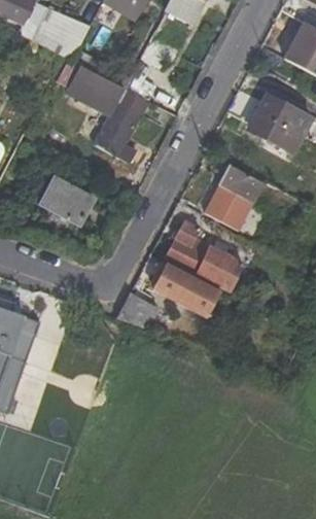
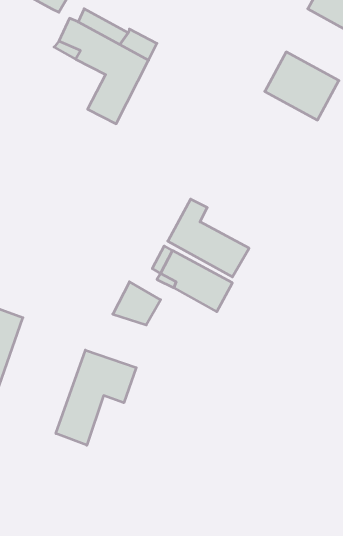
building: [203,164,264,231] -> none
building: [40,177,94,224] -> none
building: none -> [56,350,136,445]

